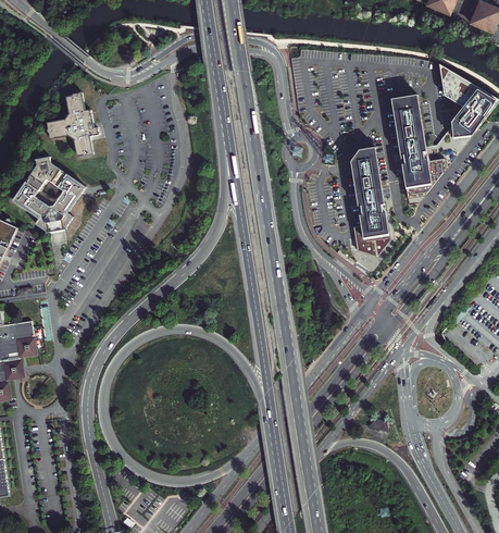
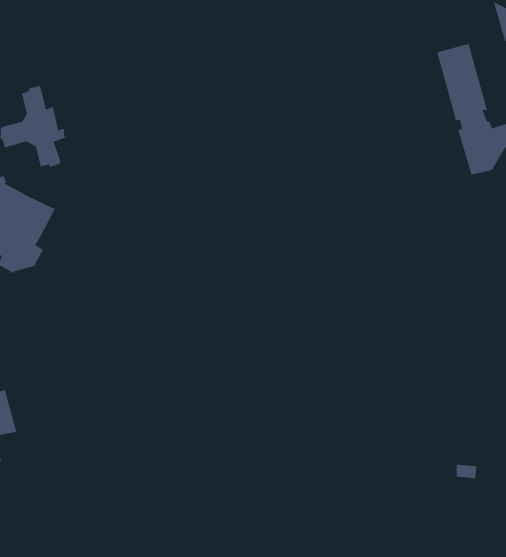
building: [350,147,389,255] -> none

